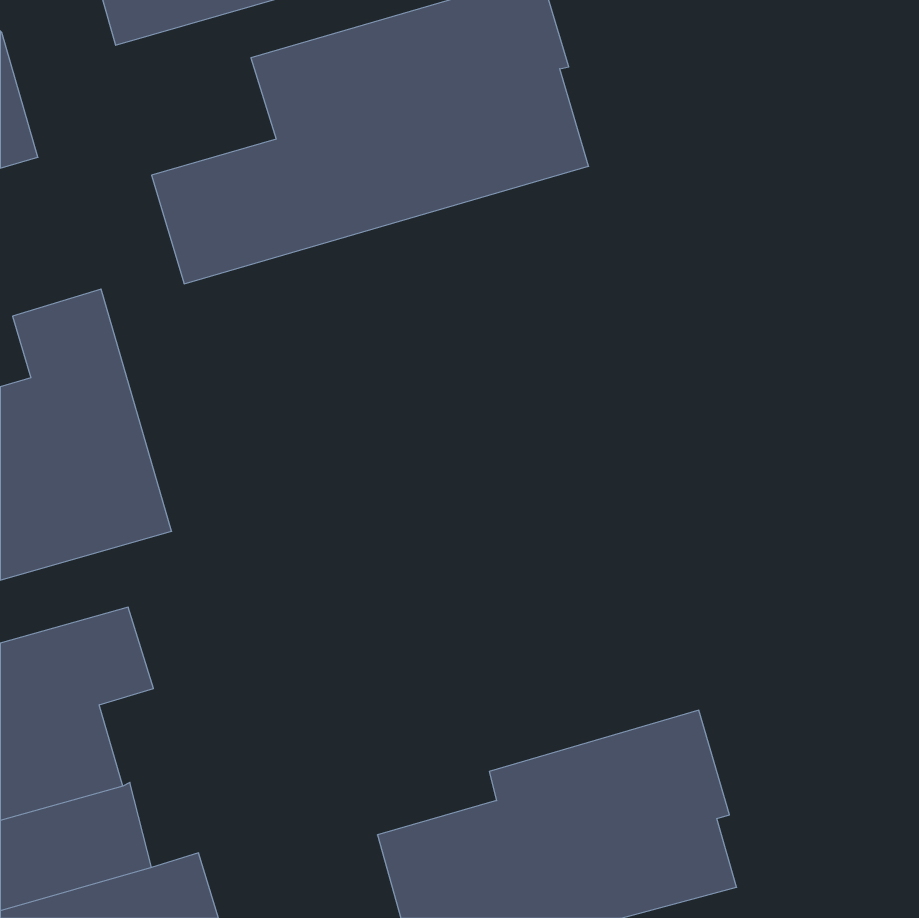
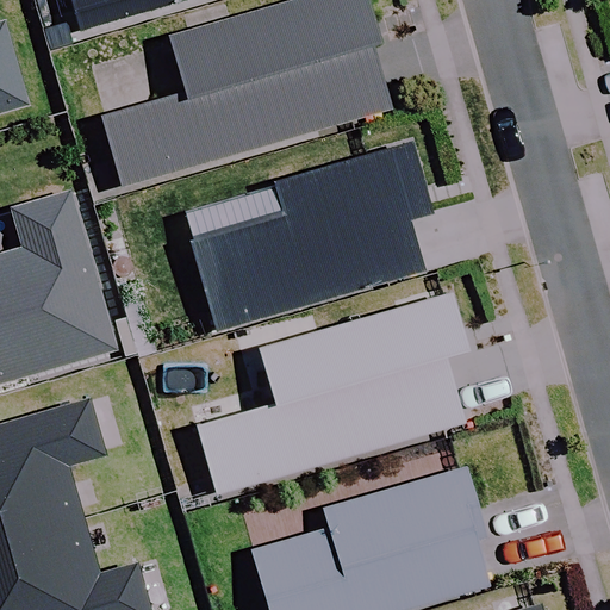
building: none -> [181,143,431,331]
building: none -> [198,294,463,492]

